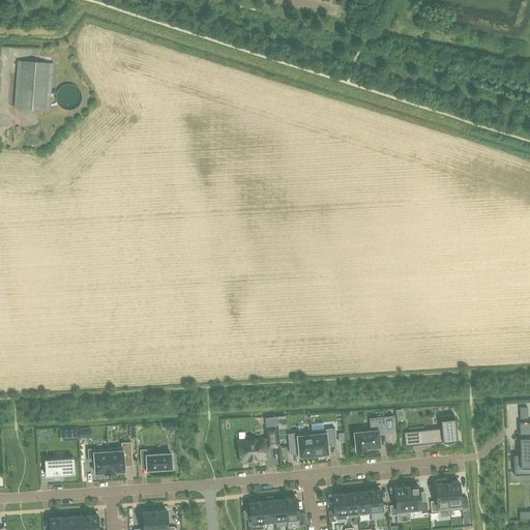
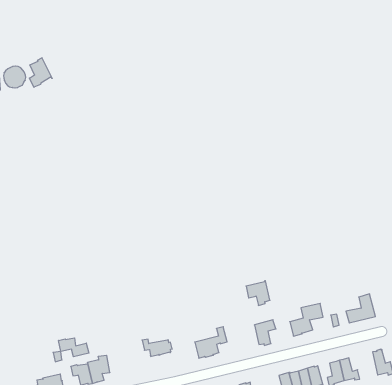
building: none -> [29,58,52,87]
building: none -> [59,338,89,357]
building: [288,431,314,459] -> [246,281,270,305]
building: [140,449,174,470] -> [142,339,172,356]
building: [430,482,449,511] -> none

